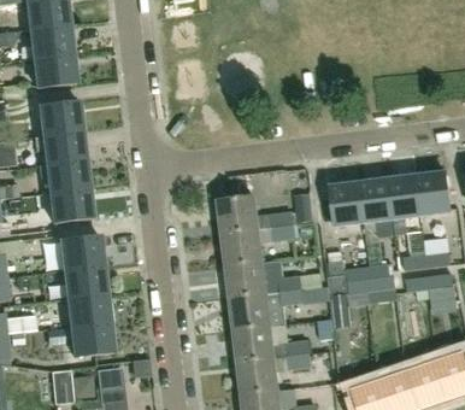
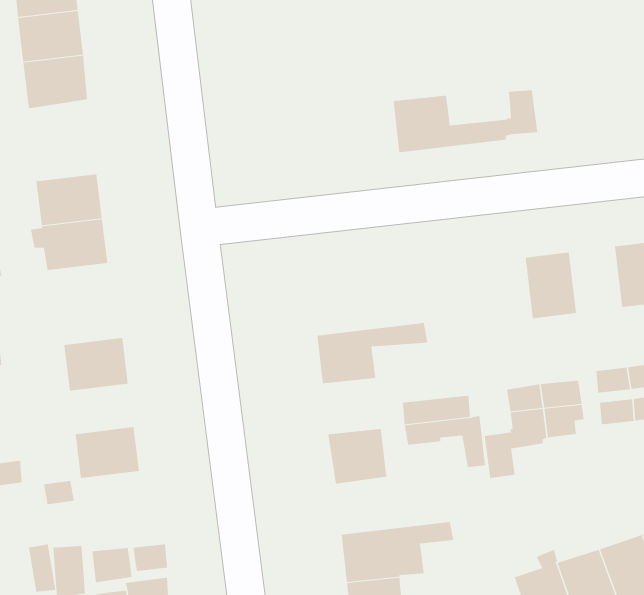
building: [39,99,81,133] -> none
building: [387,175,420,218] -> none
building: [329,182,363,226] -> none
building: [48,186,92,221] -> none
building: [219,192,313,233] -> [393,90,538,153]
building: [226,260,265,297] -> none
building: [63,264,105,297] -> none
building: [70,321,112,356] -> none
building: [235,323,310,362] -> none

